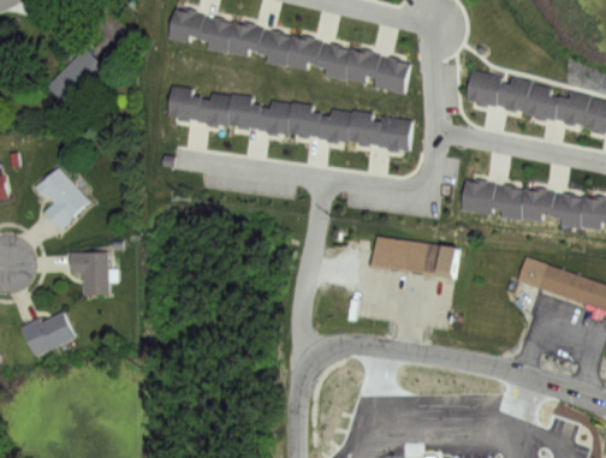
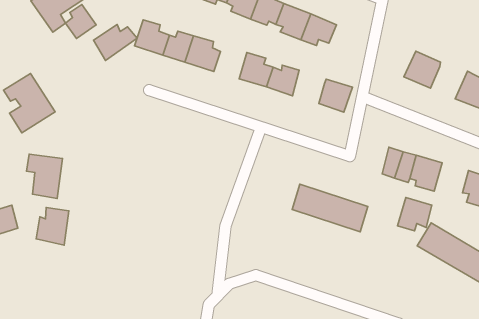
building: [376,55,411,91] -> none
building: [498,77,535,114] -> none
building: none -> [66,5,96,39]
building: none -> [94,25,137,61]
building: [259,100,291,132] -> none
building: [349,112,381,144] -> none
building: [521,186,554,221] -> [398,197,432,231]
building: none -> [36,208,69,245]

